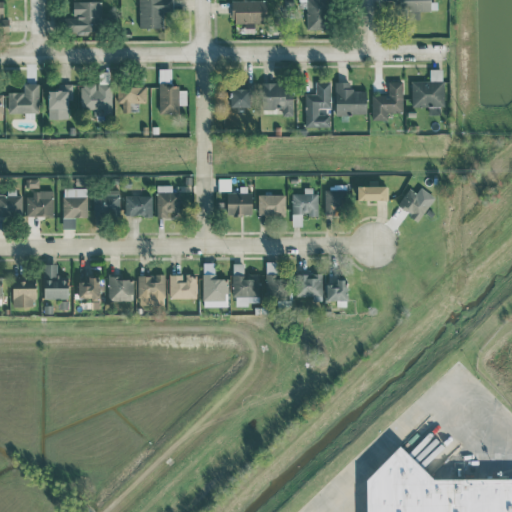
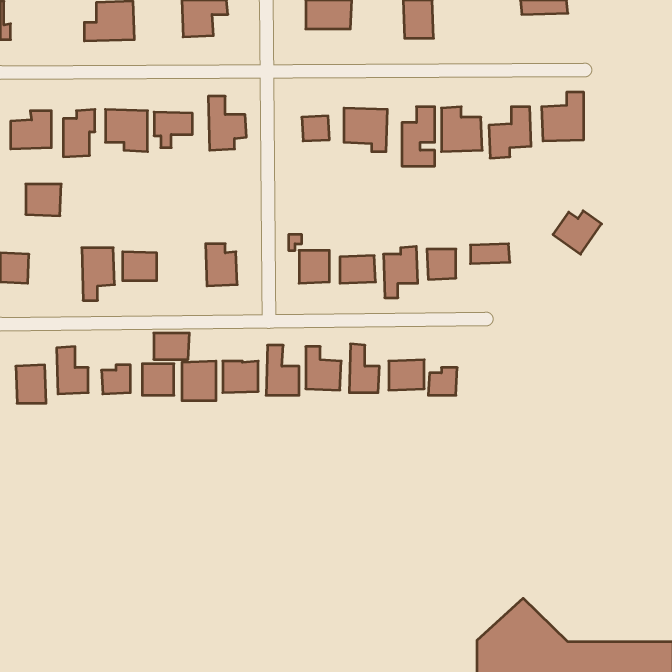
building: [398,188,435,221] -> [553,211,602,254]
building: [27,193,54,217] -> [26,184,61,216]
building: [126,196,153,216] -> [154,333,189,359]

